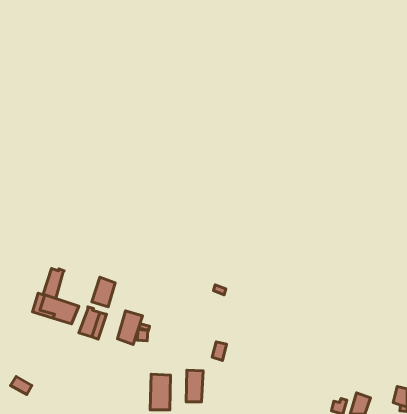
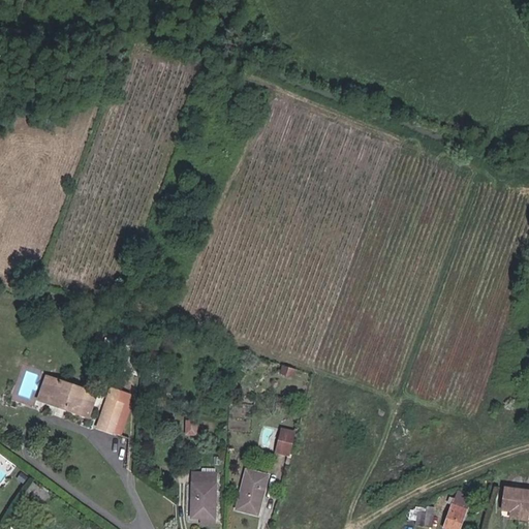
building: [43,268,64,298] -> none
building: [92,277,115,307] -> none
building: [117,311,143,344] -> none

